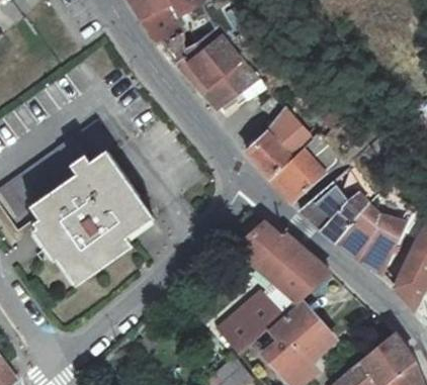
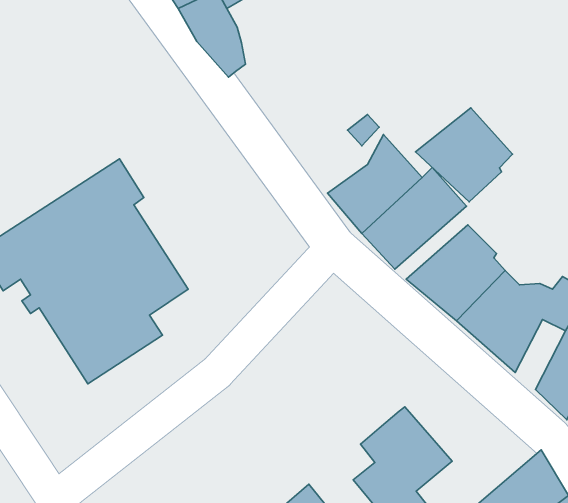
building: [181,37,262,108] -> none
building: none -> [415,108,512,202]
building: [236,222,332,303] -> none
building: [219,291,282,351] -> none

